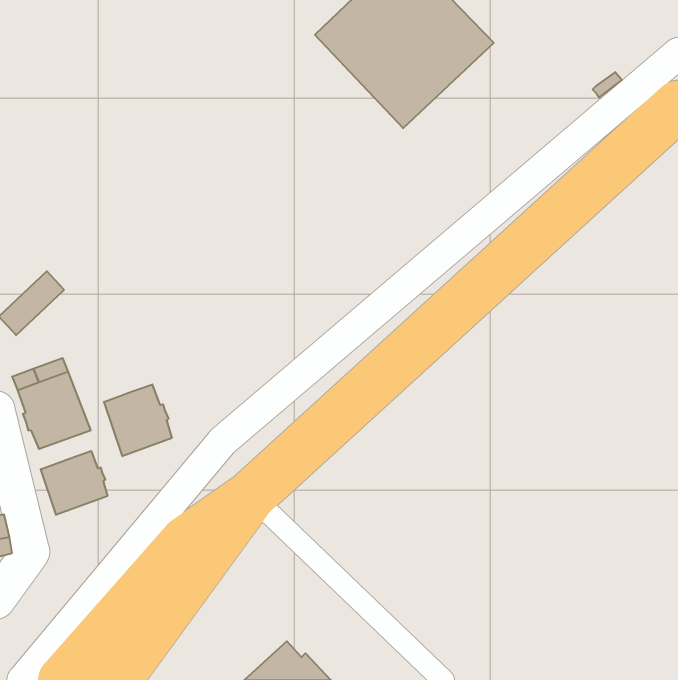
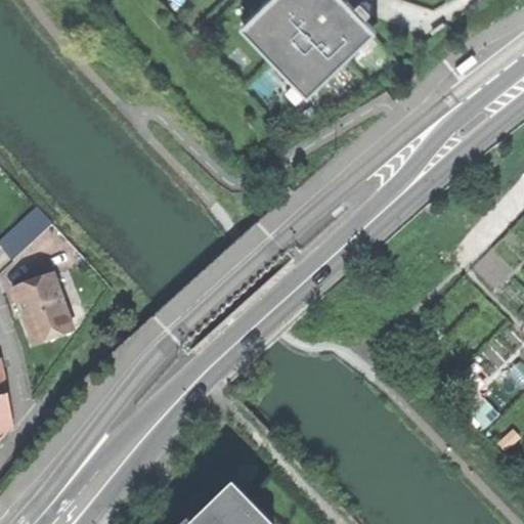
building: [104,384,172,456] -> none
building: [41,451,107,515] -> none

